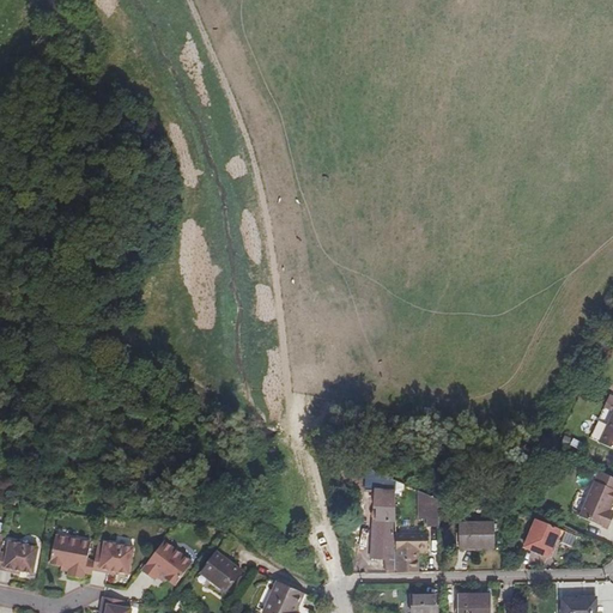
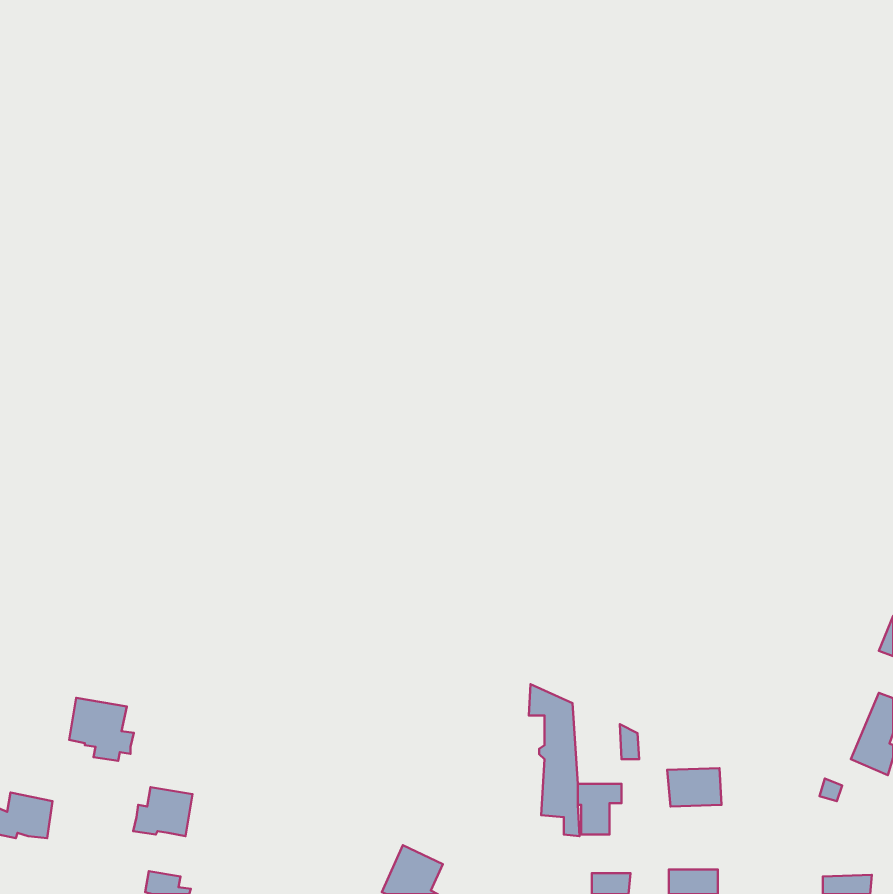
building: [523,522,558,559] -> none
building: [49,535,93,578] -> [69,698,134,761]
building: [141,535,192,579] -> none
building: [199,551,239,590] -> none

